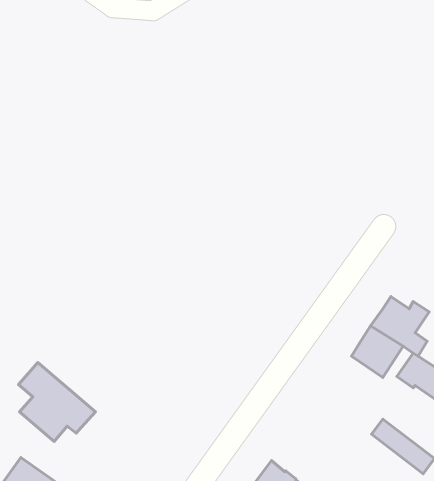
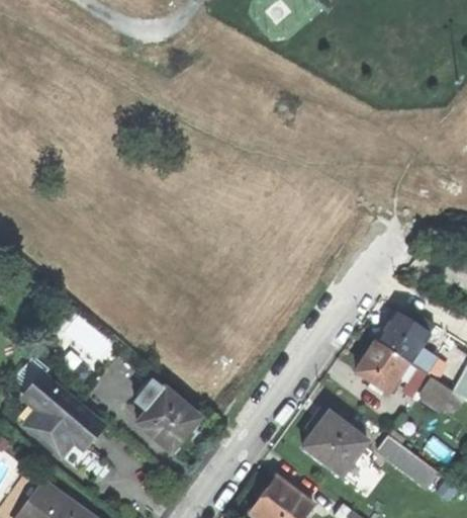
building: none -> [135,380,200,455]
building: none -> [305,414,368,476]

